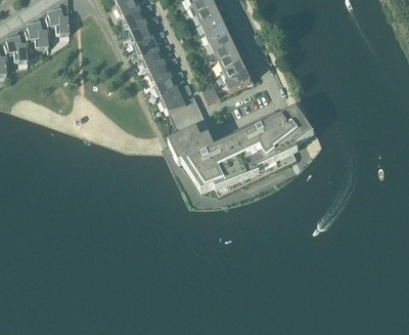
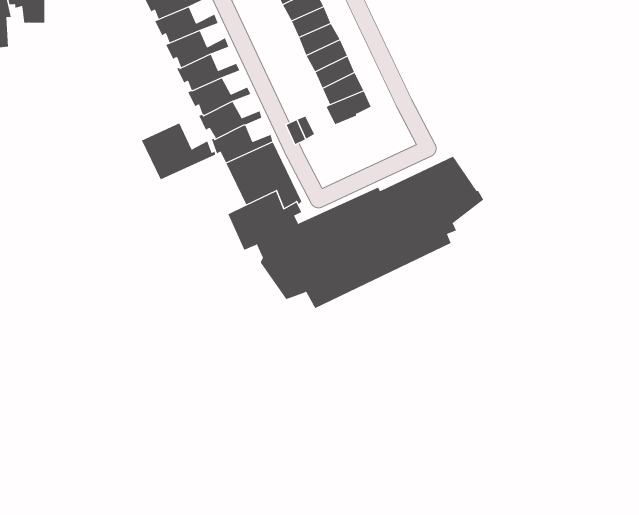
building: none -> [141,122,216,180]

